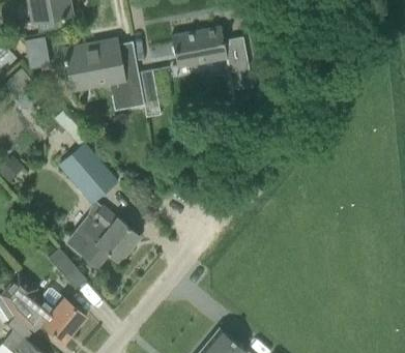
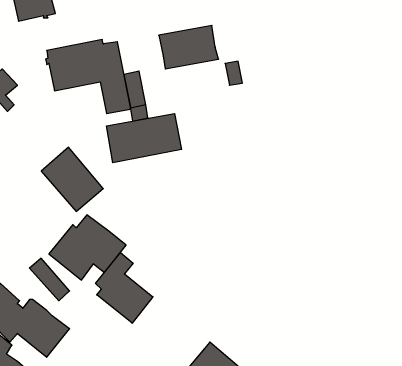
building: [25,38,50,70] -> none
building: none -> [107,114,182,163]
building: none -> [96,252,153,323]

